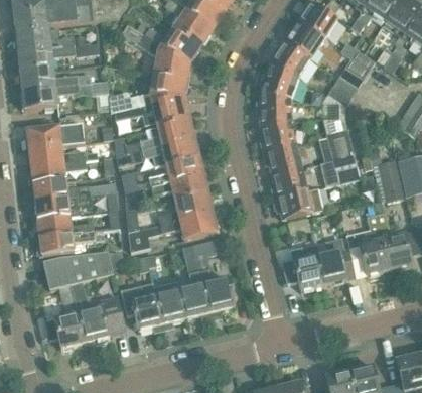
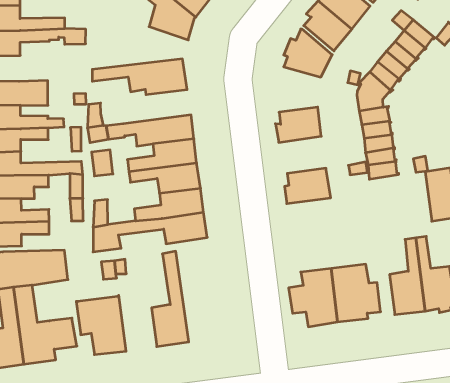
building: [110,74,186,112] -> none
building: [258,94,291,126] -> none
building: [140,119,194,150] -> none
building: [264,144,302,172] -> none
building: [275,188,323,220] -> none
building: [193,238,235,312] -> none
building: [153,277,186,324] -> none

